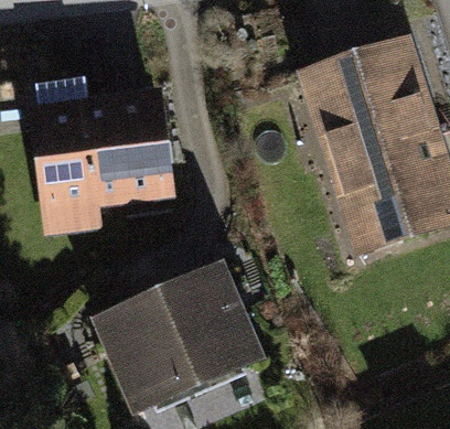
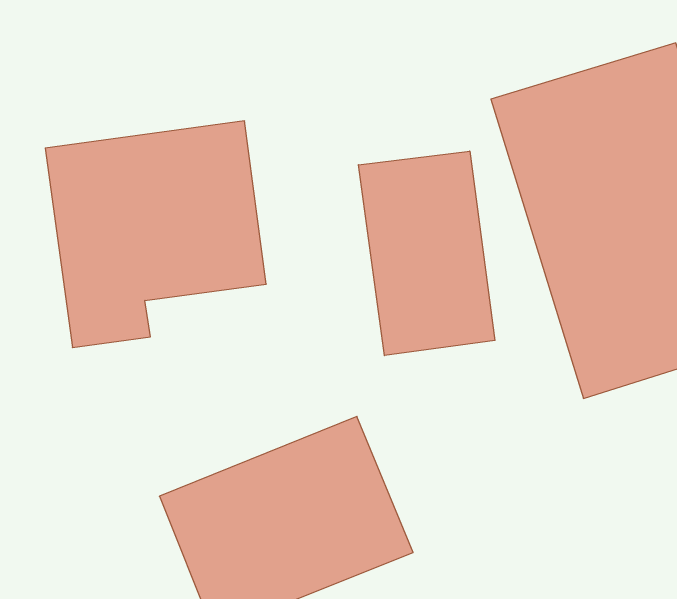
building: none -> [358,151,495,356]

